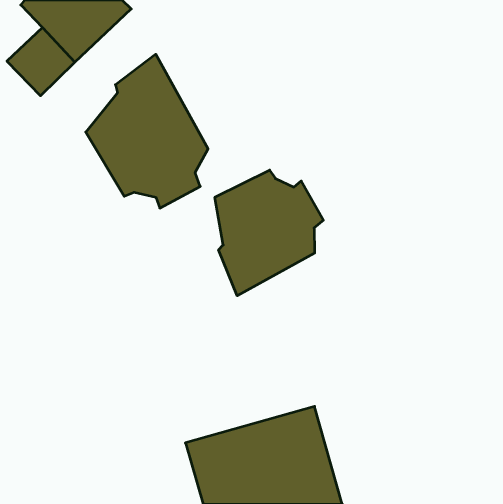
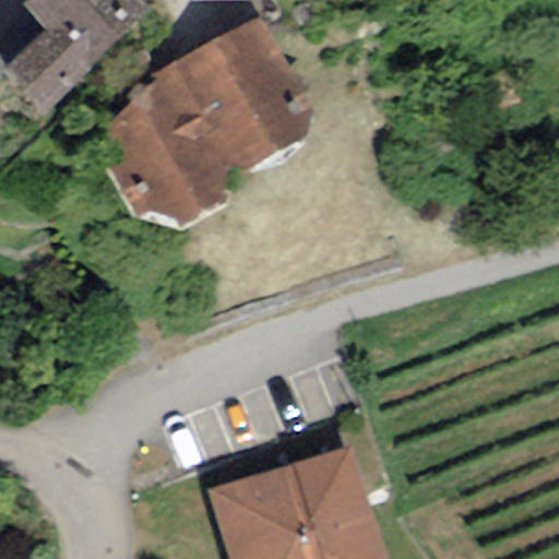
building: none -> [174,16,317,171]
building: [215,170,323,296] -> none

